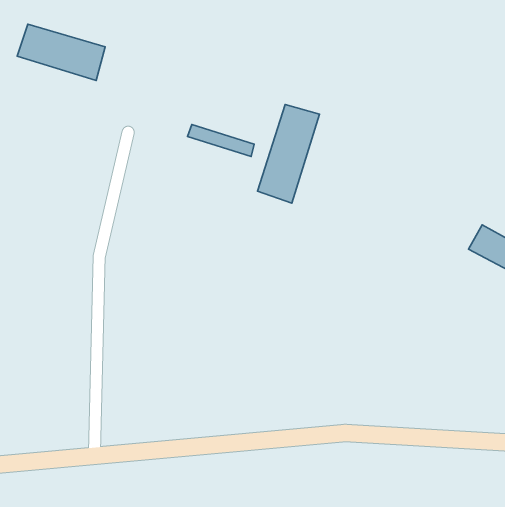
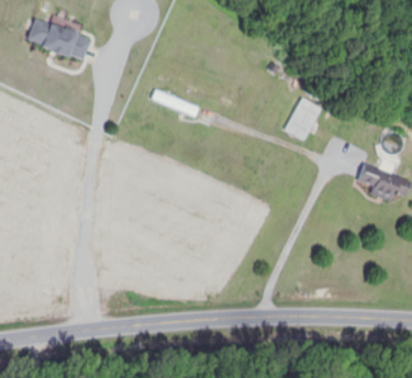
building: [257,105,319,203] -> none
building: none -> [285,98,322,141]

